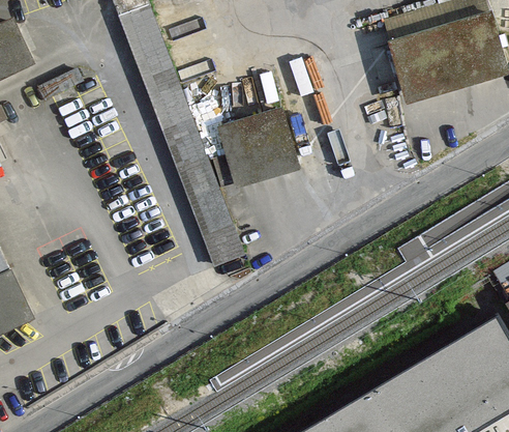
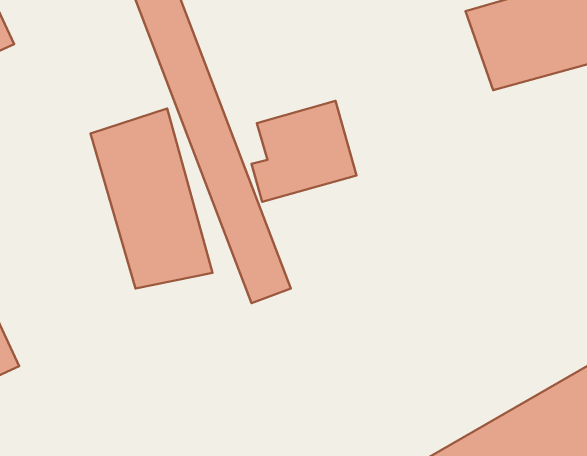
building: none -> [91,109,213,289]

